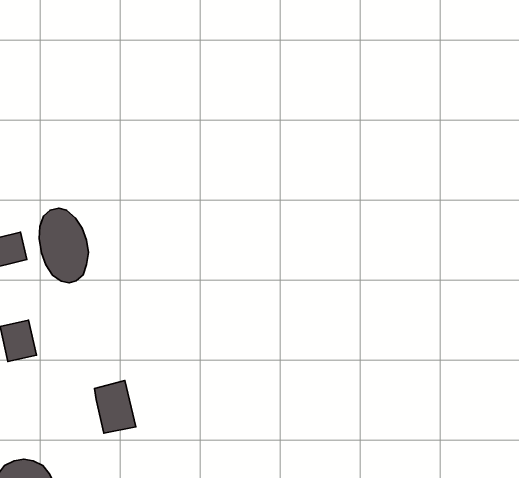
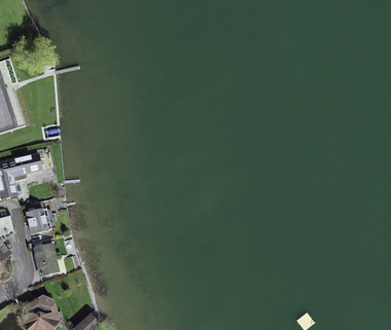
building: [39,208,88,283] -> none
building: [94,380,136,433] -> [33,243,60,277]

